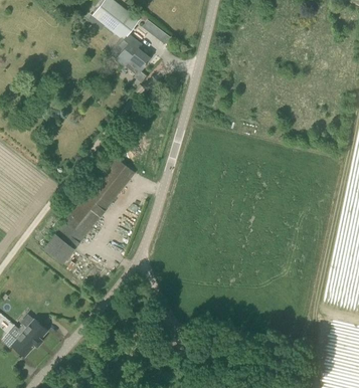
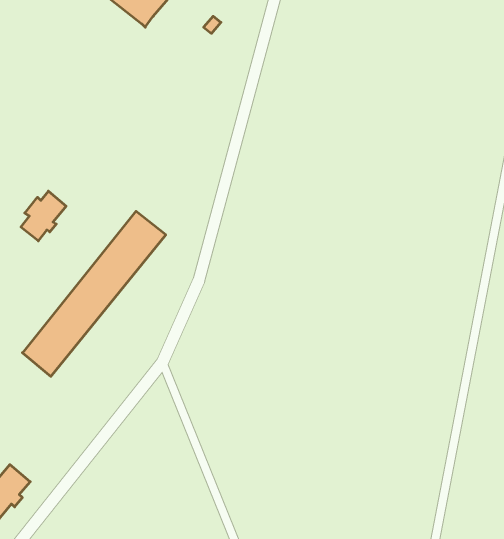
building: [109,33,149,71] -> none
building: none -> [21,191,66,241]

